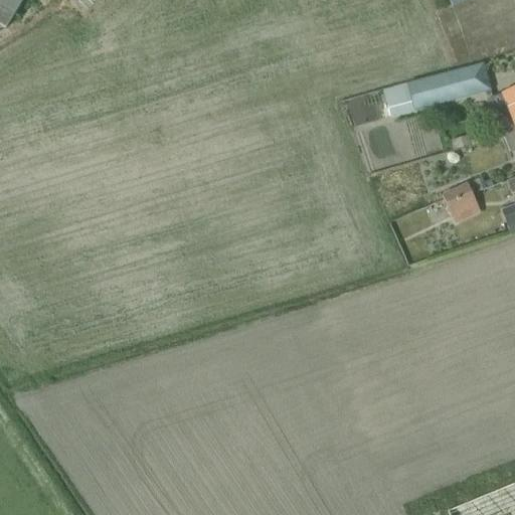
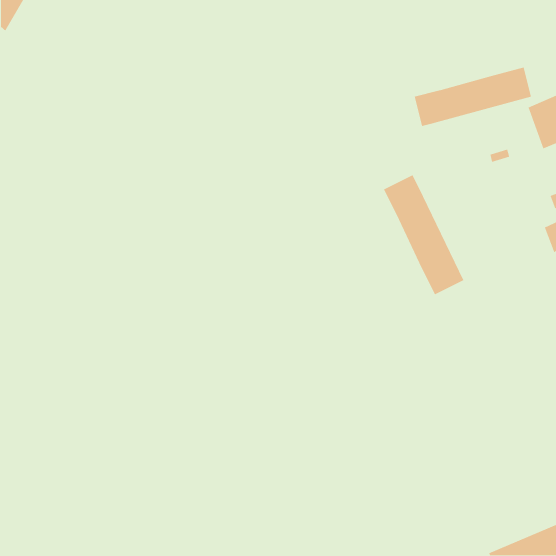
building: none -> [383,174,464,296]
building: [442,182,482,223] -> none

